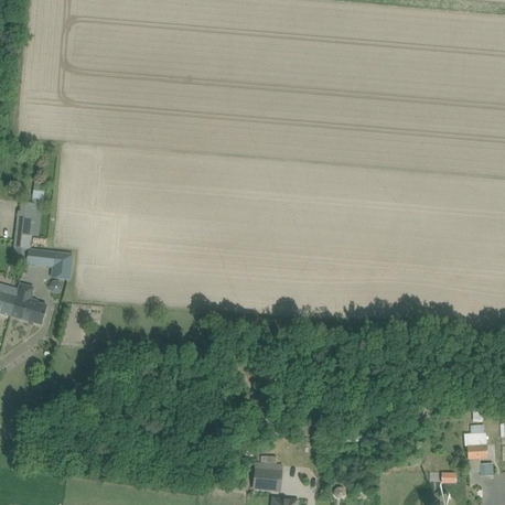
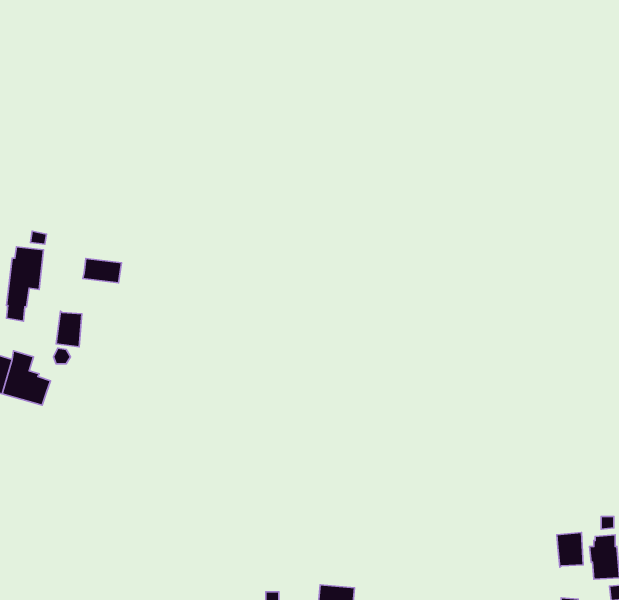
building: [25,248,55,267] -> [83,259,121,283]
building: none -> [557,533,583,567]

